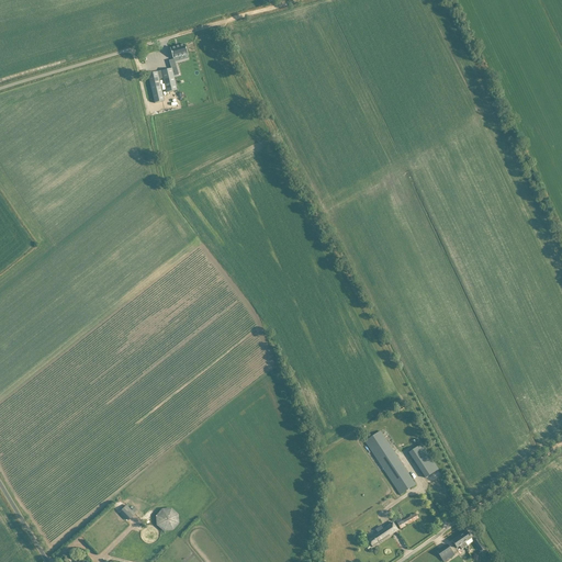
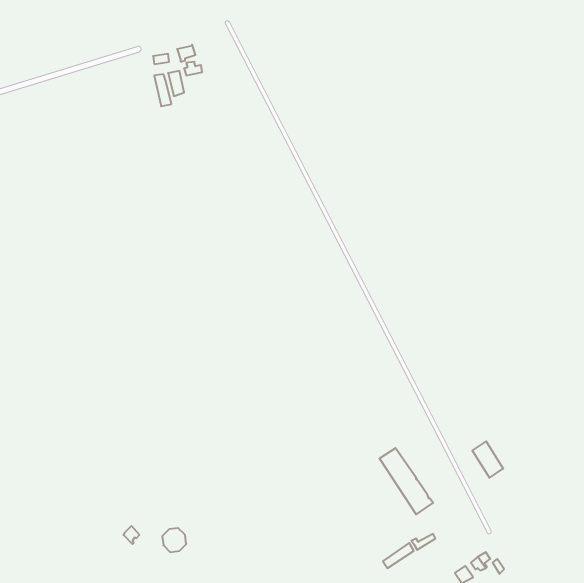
building: [408,442,438,477] -> [472,441,503,478]

